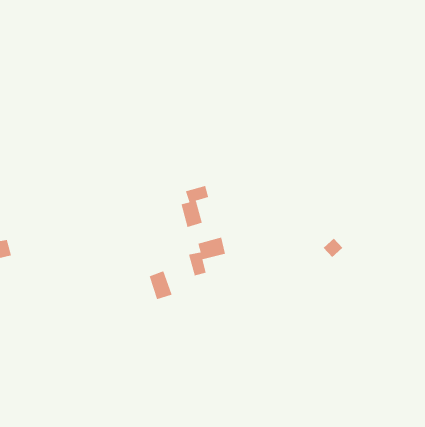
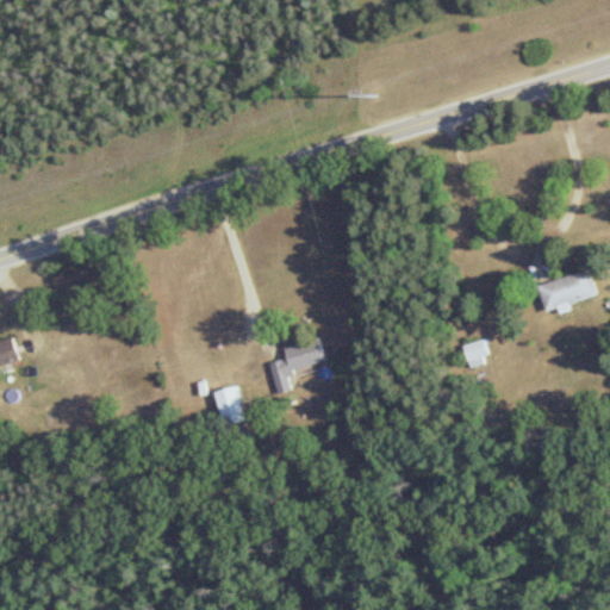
building: [181,185,209,228] -> none
building: none -> [535,269,596,315]

